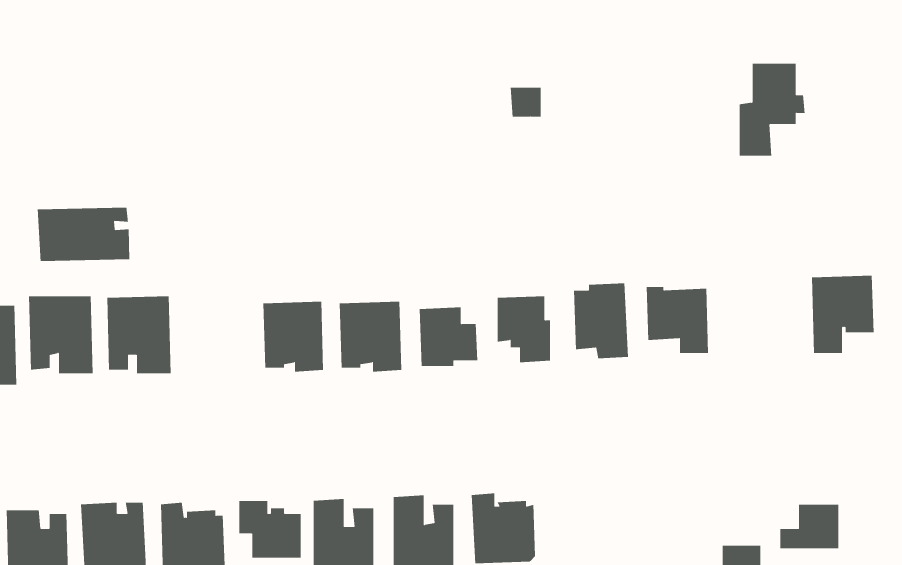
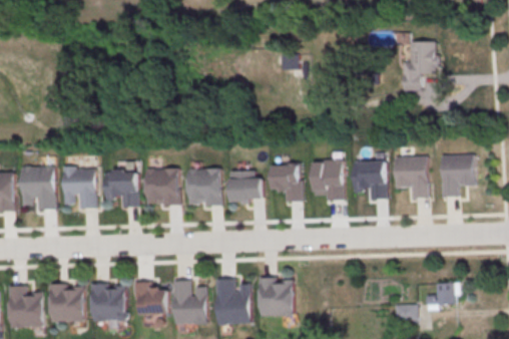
building: [37,207,130,262] -> none
building: none -> [394,156,428,200]
building: none -> [104,173,138,209]

